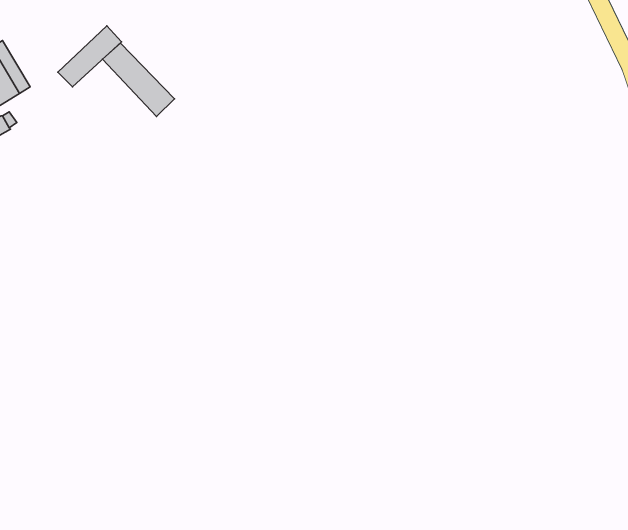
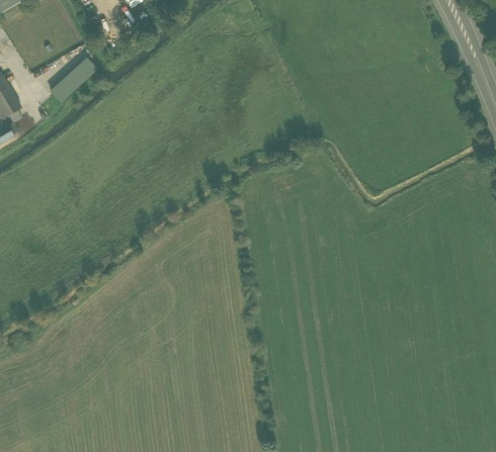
building: [102,43,175,116] -> none

